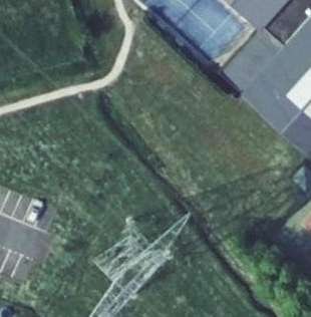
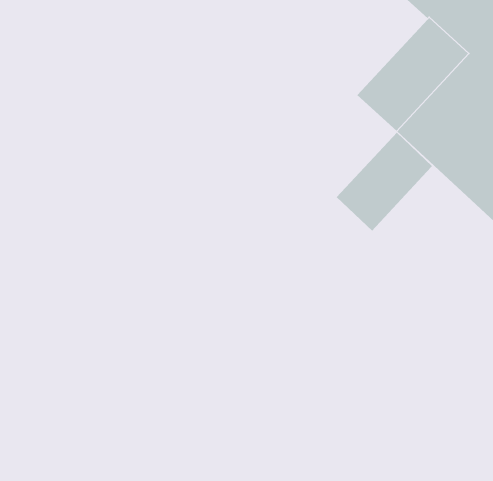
building: none -> [336,132,433,231]

